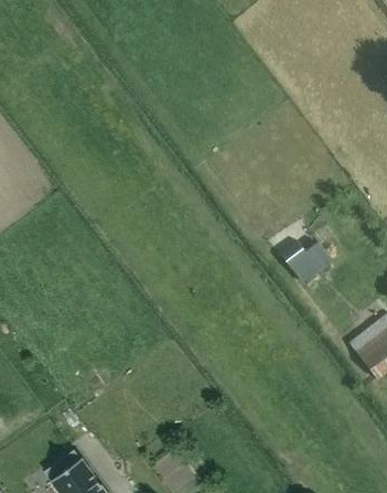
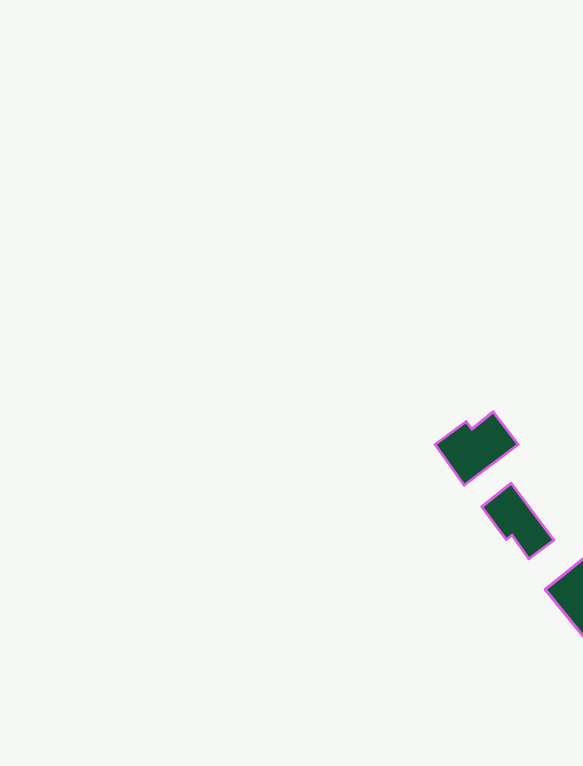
building: none -> [482,483,554,559]

